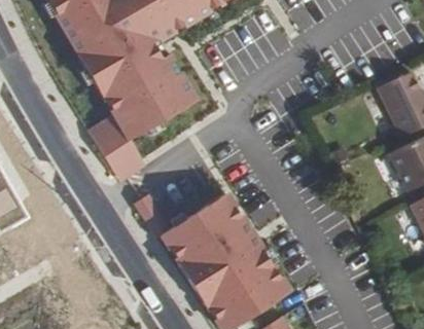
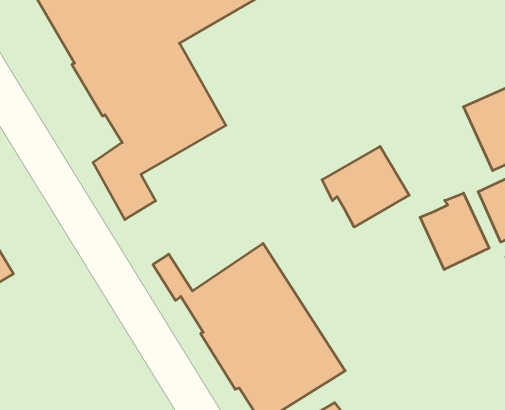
building: none -> [322,146,409,227]
building: none -> [420,193,489,270]

